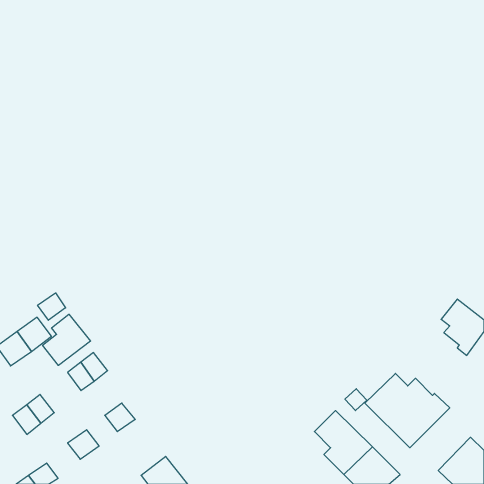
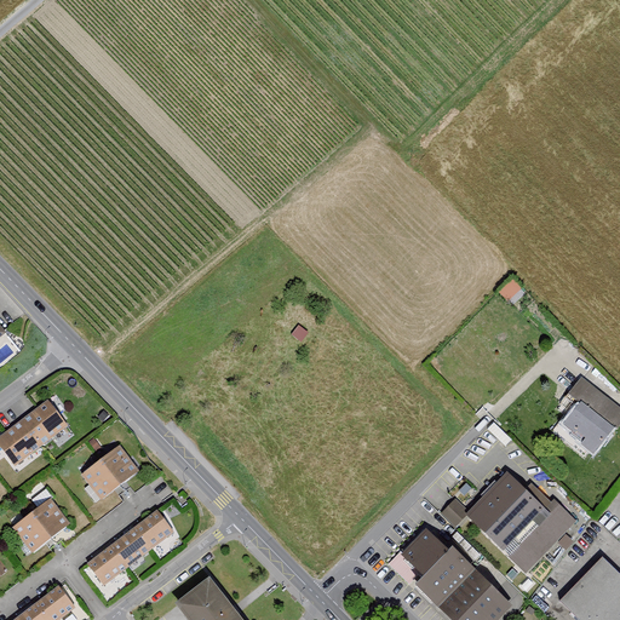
building: [38,293,66,320] -> none
building: [43,314,91,365] -> none
building: none -> [110,528,149,567]

